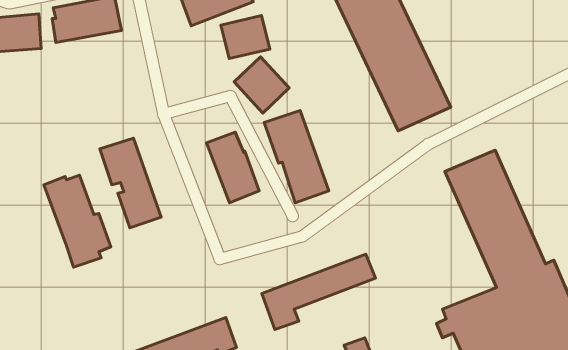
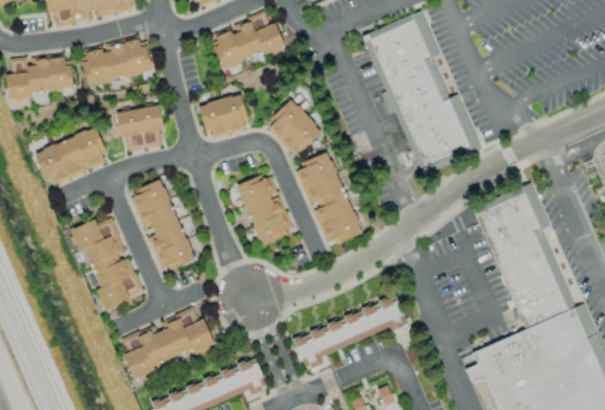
building: [221,16,270,59] -> [199,94,248,137]
building: none -> [116,105,163,149]
building: none -> [36,126,107,185]
building: none -> [119,307,215,379]

